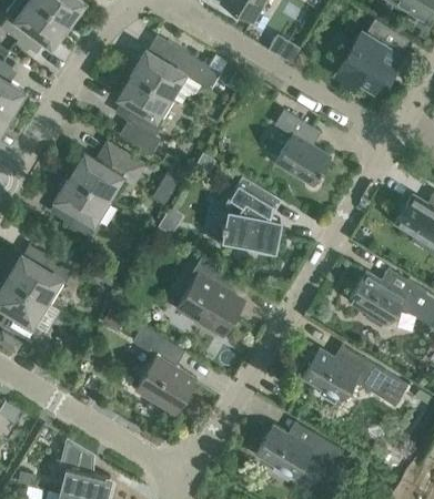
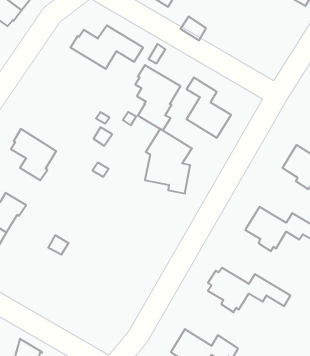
building: [335,24,408,93] -> none
building: [118,73,174,155] -> [135,65,180,131]
building: [68,152,145,203] -> none
building: [178,257,243,335] -> none
building: [132,326,196,414] -> none

